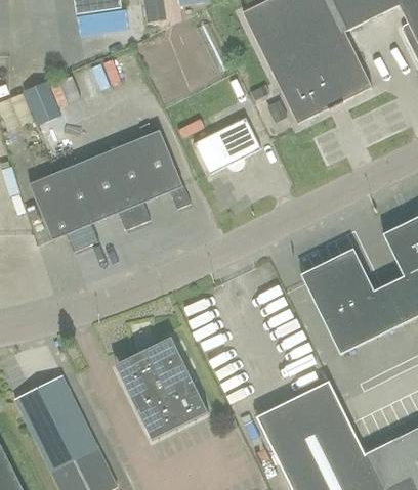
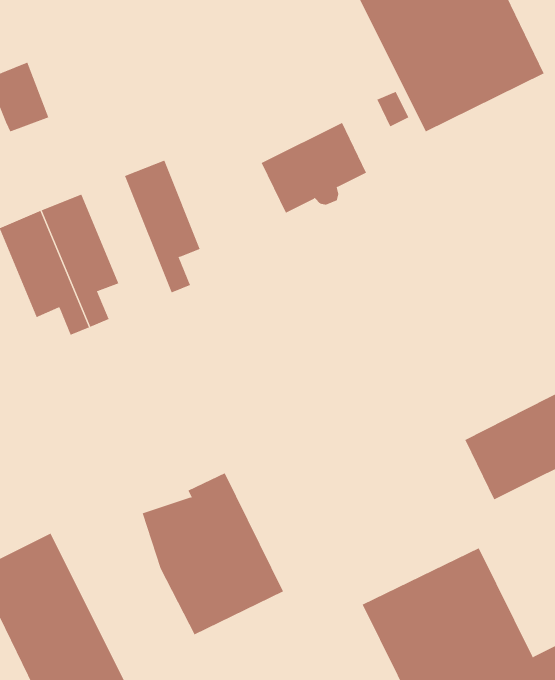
building: [133,129,191,209] -> none
building: [81,150,137,229] -> none
building: [300,248,374,316] -> none

